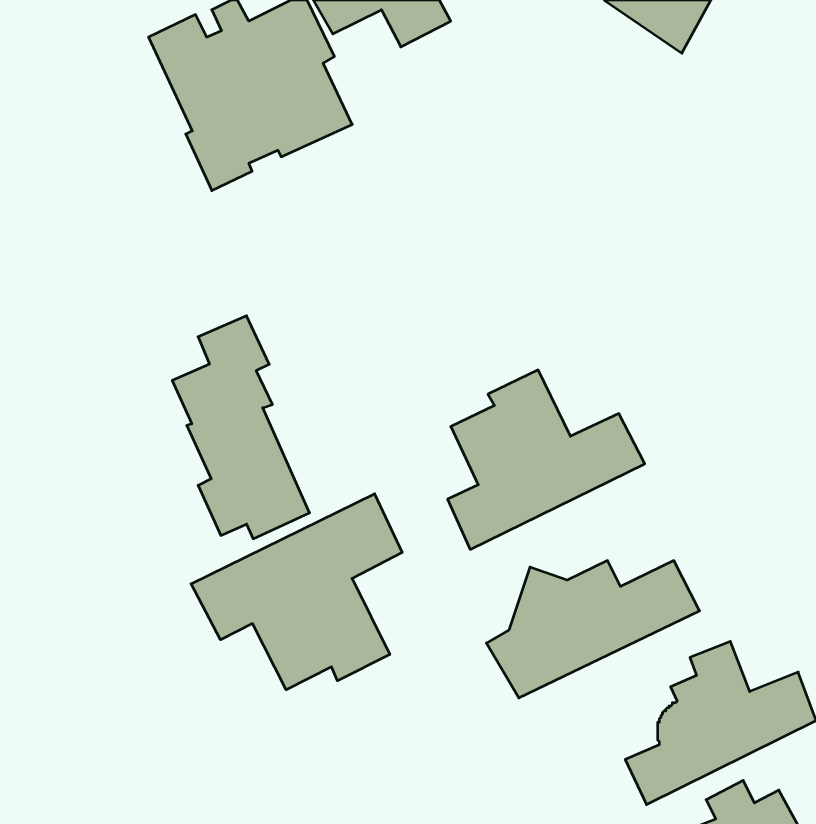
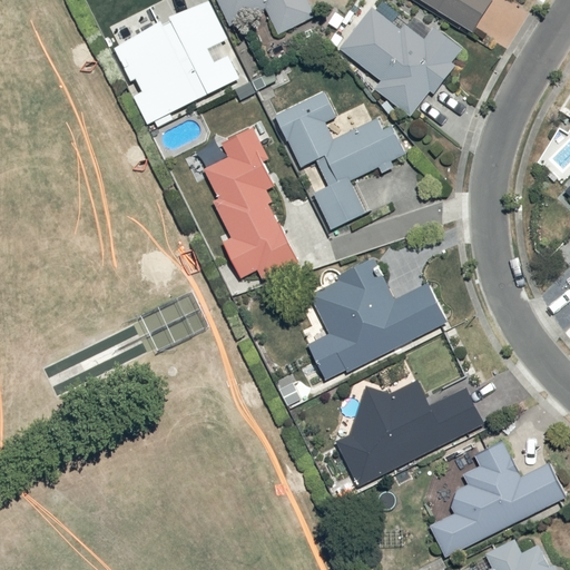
building: none -> [340,7,462,116]
building: none -> [274,91,405,228]
building: [172,316,310,539] -> [204,125,298,278]
building: [191,494,402,690] -> none

